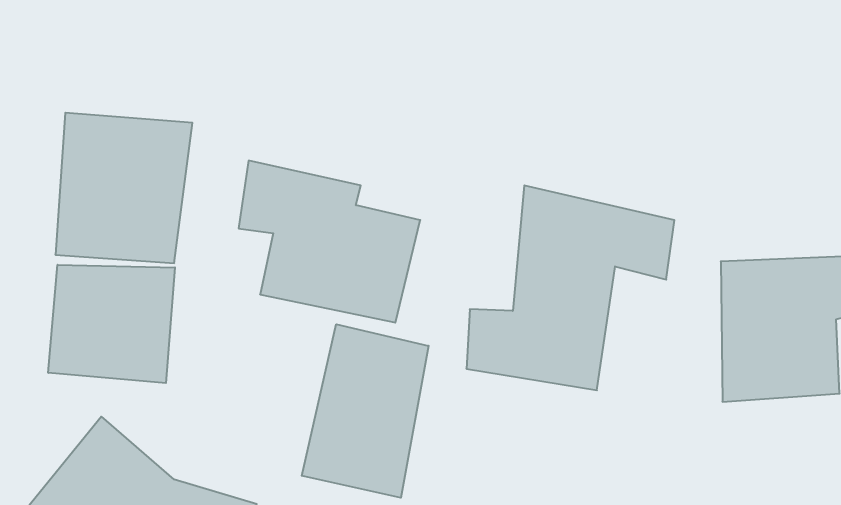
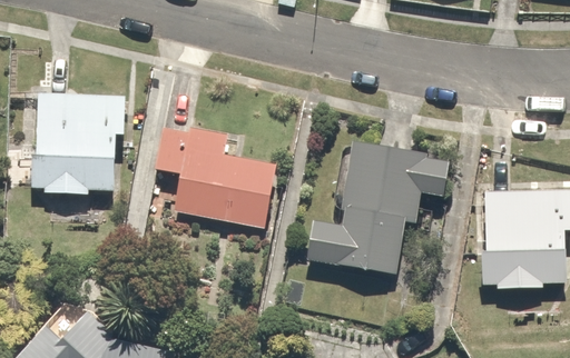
building: [48,265,175,383] -> none
building: [302,324,429,498] -> none

